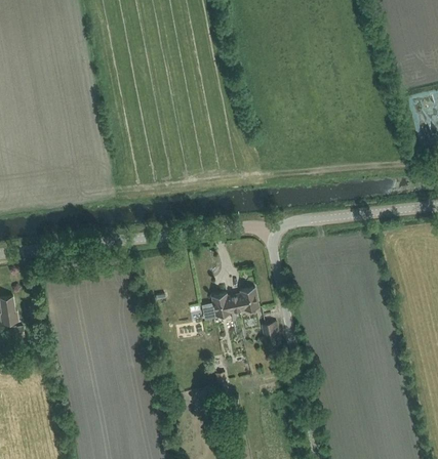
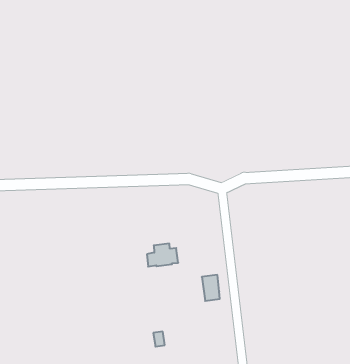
building: [233,288,257,312] -> none

